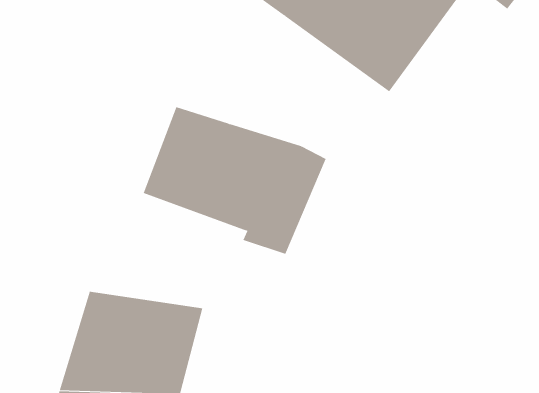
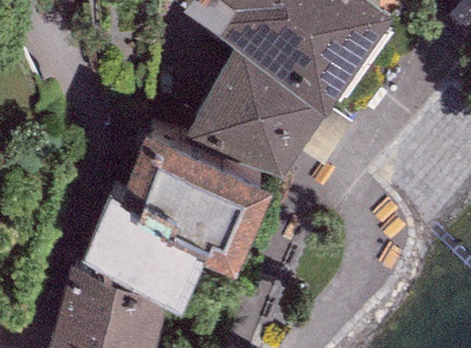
building: none -> [199,22,333,146]
building: none -> [93,166,213,267]

